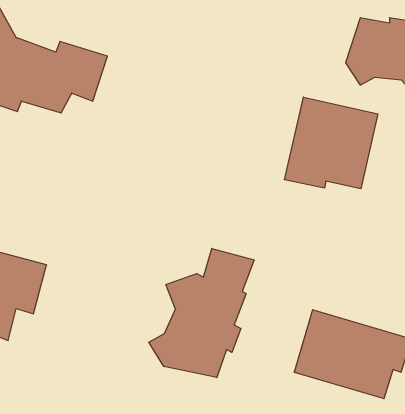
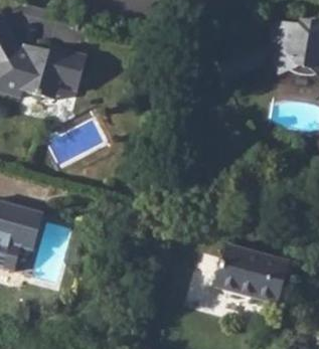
building: [285,97,378,189] -> none
building: [149,248,254,378] -> none

